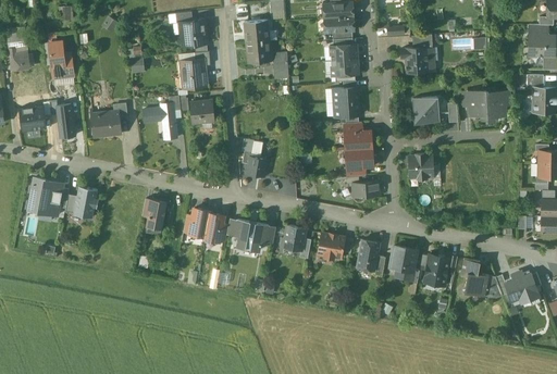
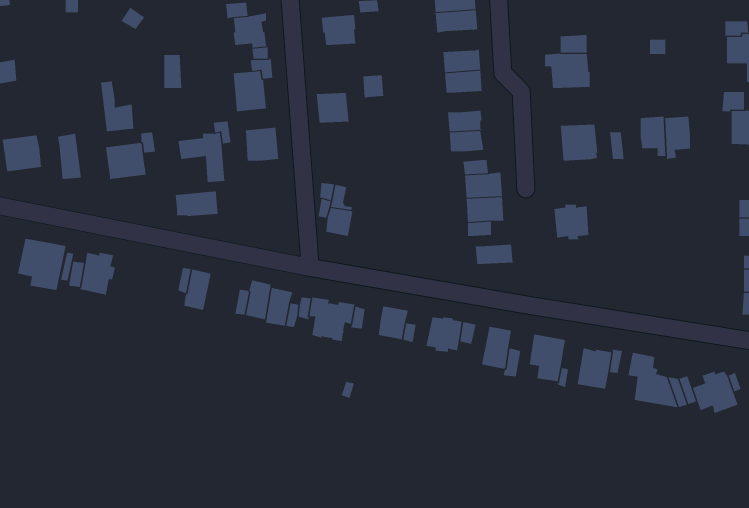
building: [247,41,271,63] -> [316,92,350,123]
building: [49,42,73,78] -> [100,81,134,132]
building: none -> [175,191,218,217]

